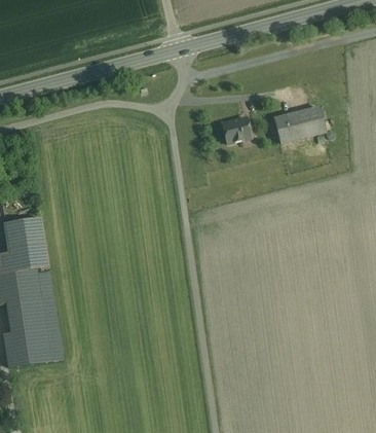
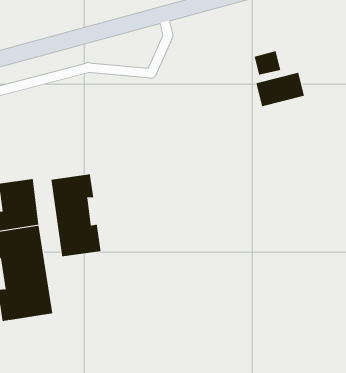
building: [222,117,251,143] -> [254,51,281,75]
building: none -> [51,174,101,257]

